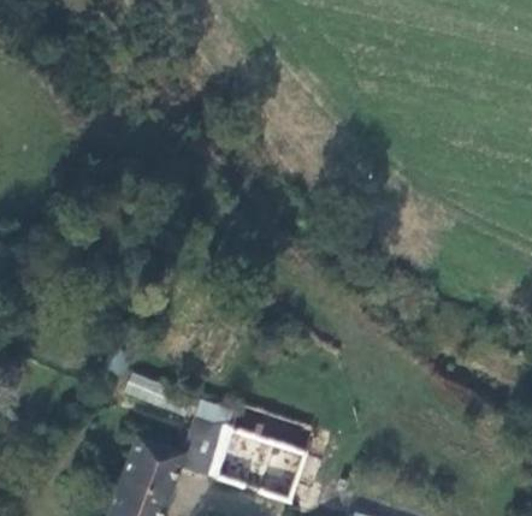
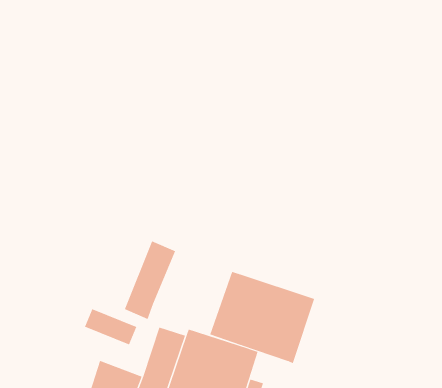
building: none -> [124,240,176,320]
building: none -> [210,271,315,364]

